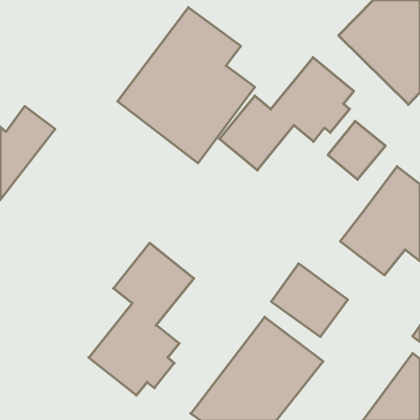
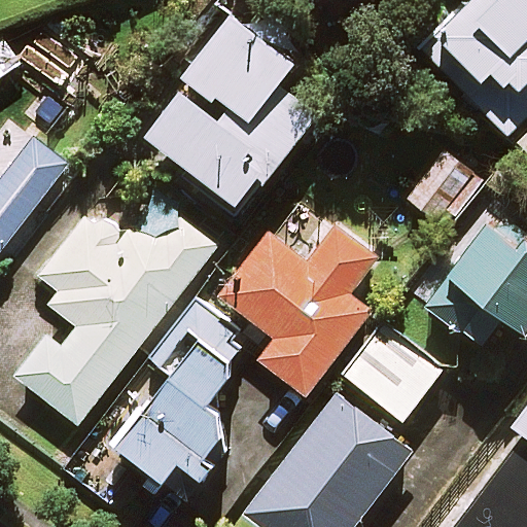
building: [219,57,354,170] -> none
building: none -> [19,196,220,421]
building: none -> [218,231,371,397]

